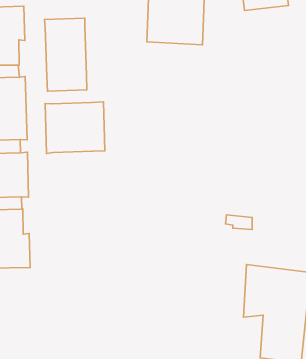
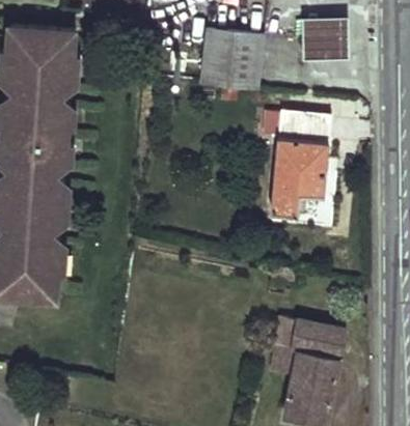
building: [45,18,87,91] -> none
building: none -> [272,114,328,217]
building: [45,102,105,153] -> none

